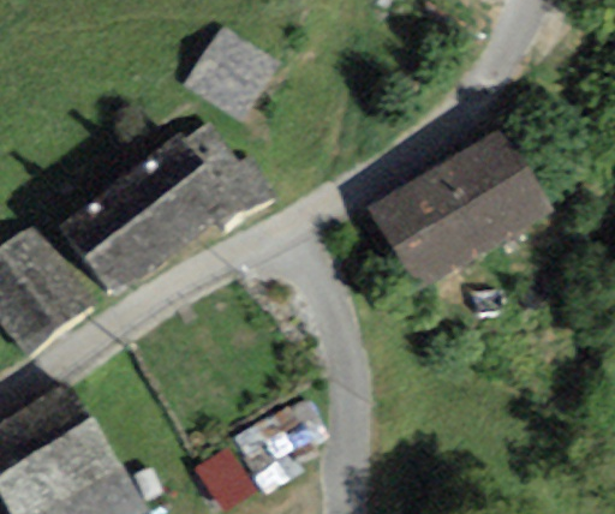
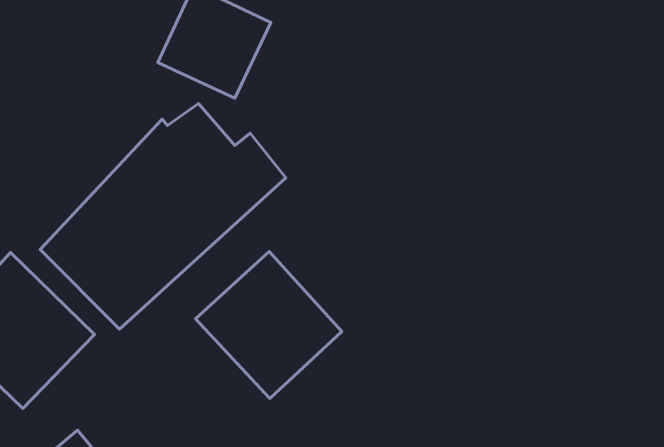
building: [365,126,551,291] -> none
building: none -> [196,252,342,398]

